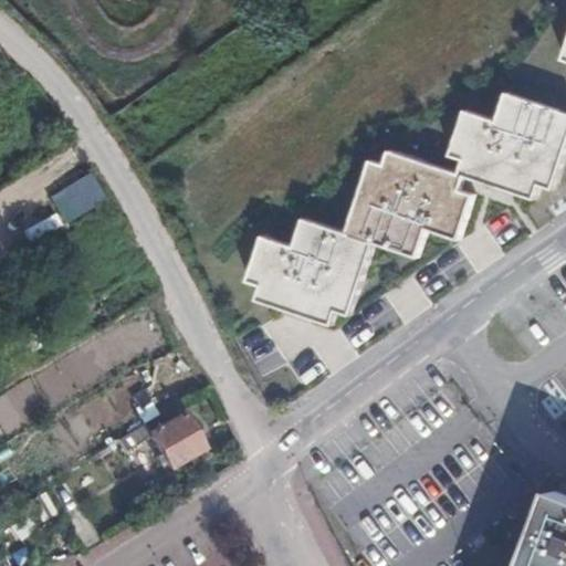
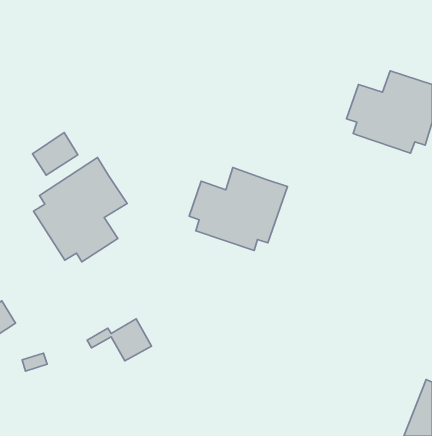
building: [344,149,470,255] -> none
building: none -> [33,157,127,262]

